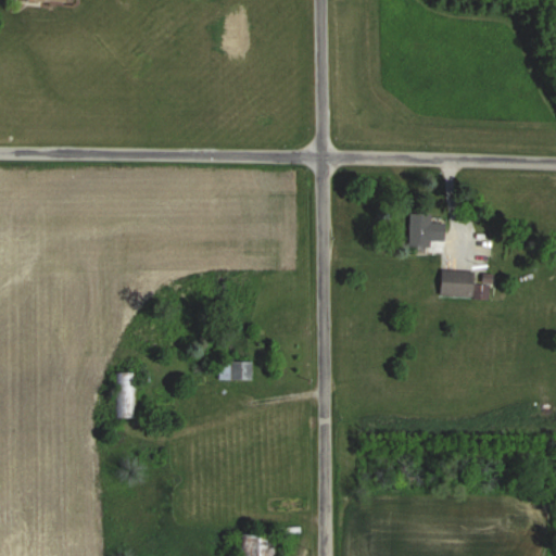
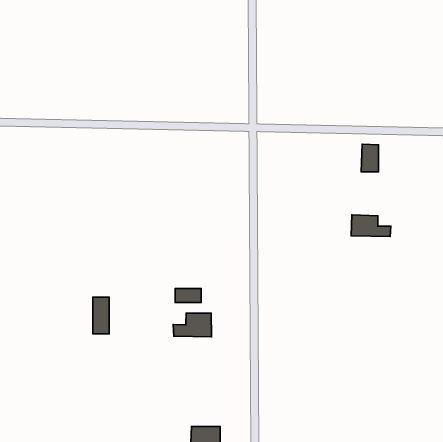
building: [409,213,431,248] -> [361,144,379,172]
building: none -> [173,313,211,337]

